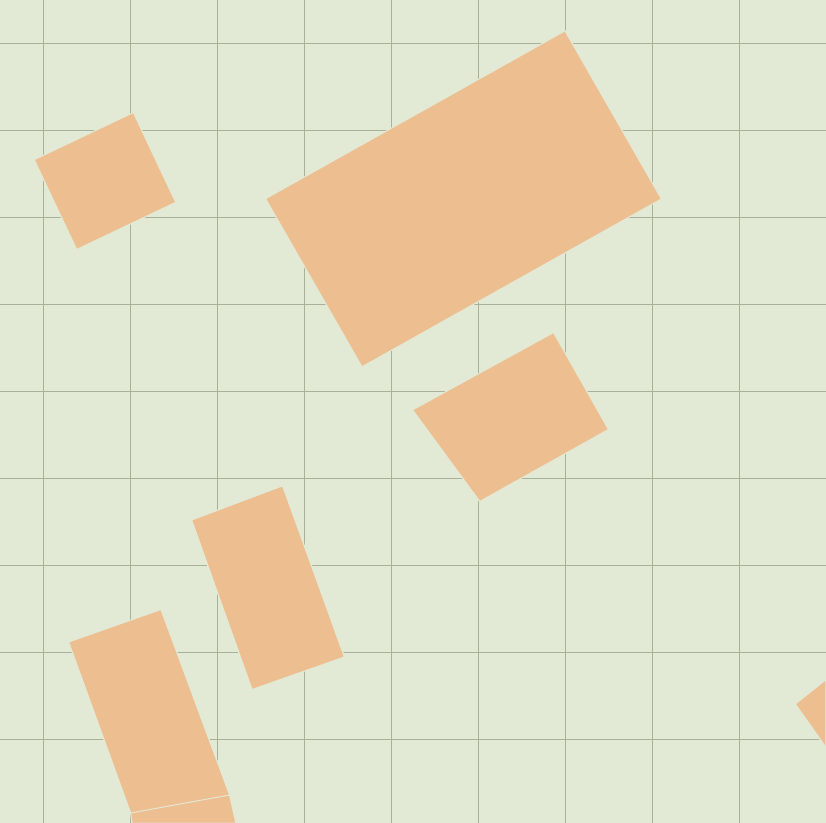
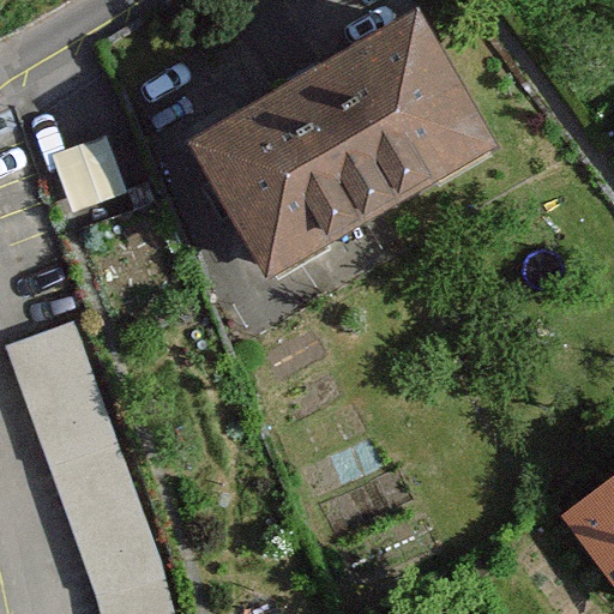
building: [413,332,609,502] -> none
building: [191,486,345,690] -> [6,323,119,472]

